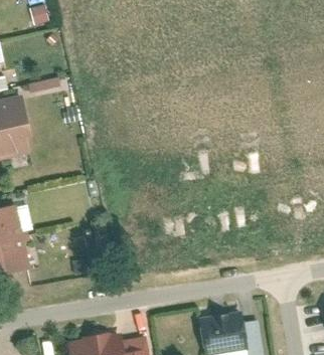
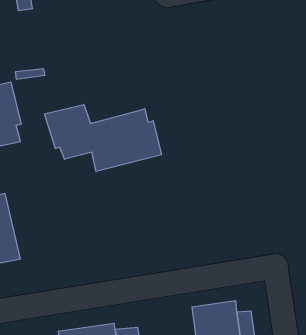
building: none -> [45,104,161,172]

